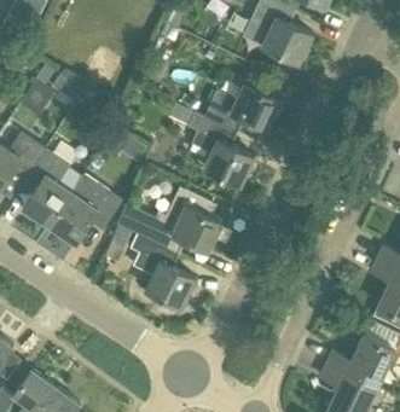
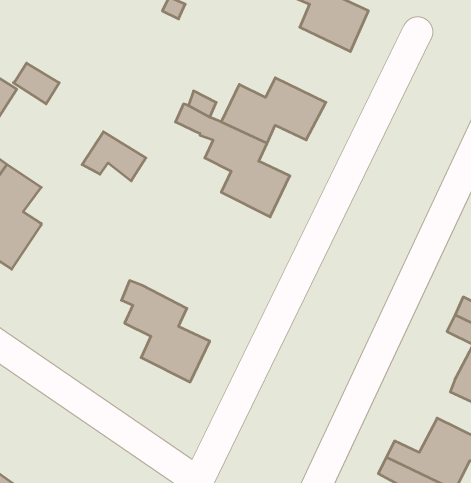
building: [50,174,123,244] -> none
building: [118,187,222,255] -> none

